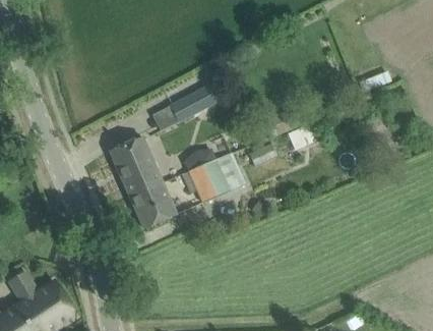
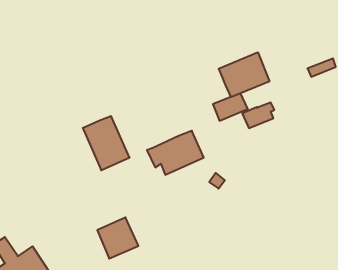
building: none -> [219,52,269,97]
building: [170,87,215,122] -> none
building: [130,183,176,229] -> [97,217,138,259]

